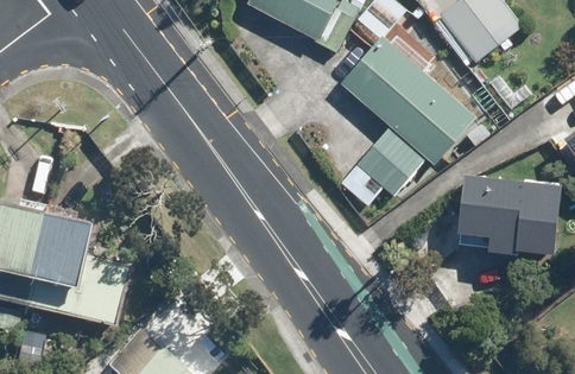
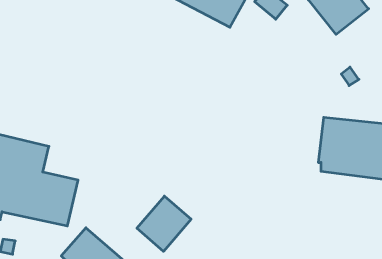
building: [340,38,475,197] -> none
building: none -> [137,196,191,251]

